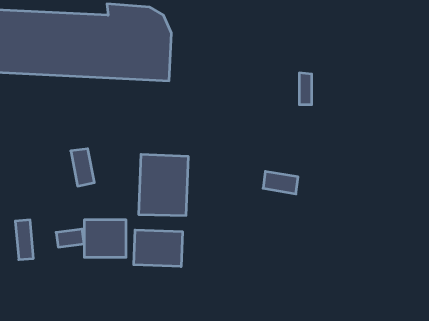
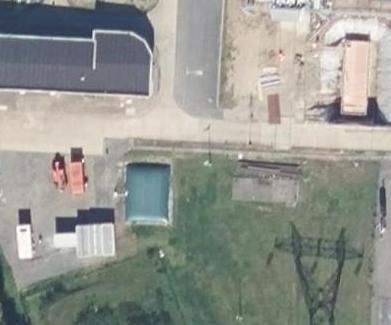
building: none -> [338,35,372,111]
building: [134,230,182,267] -> none

